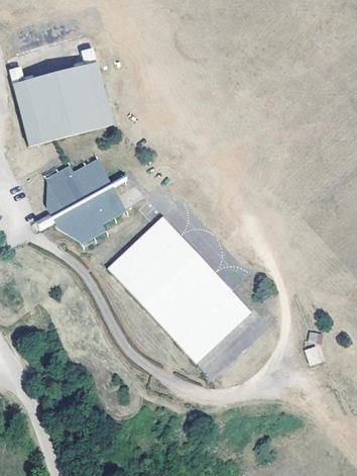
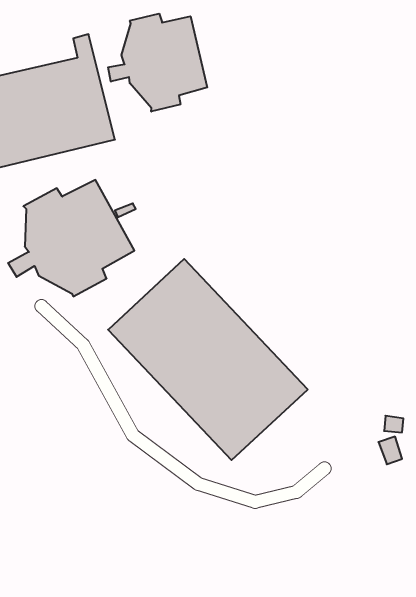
building: none -> [108,14,207,112]

